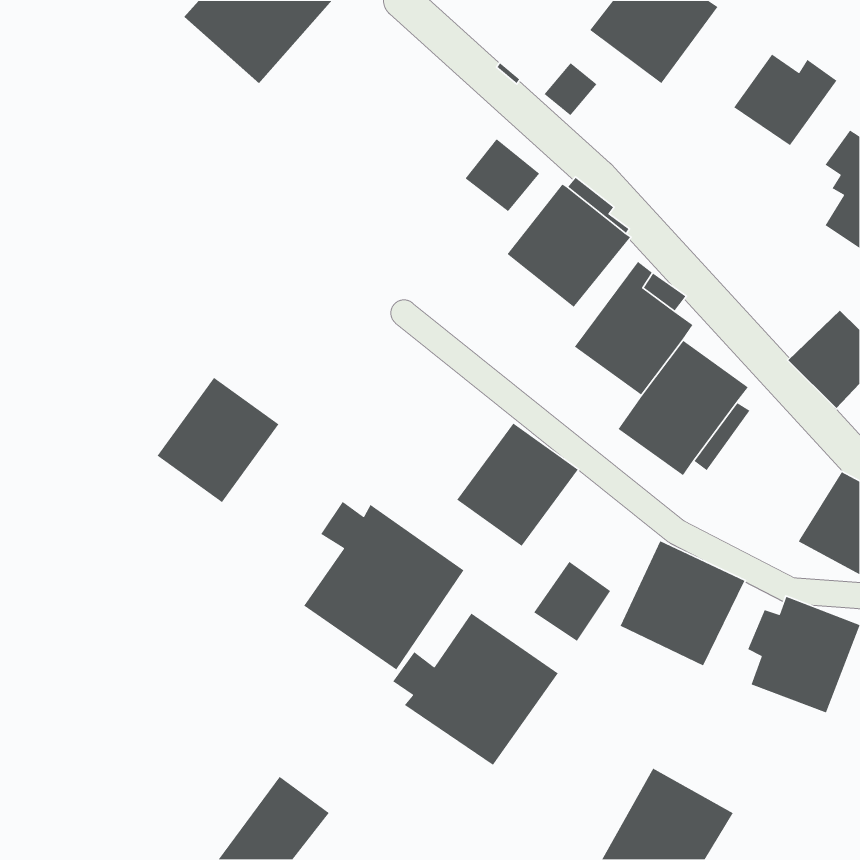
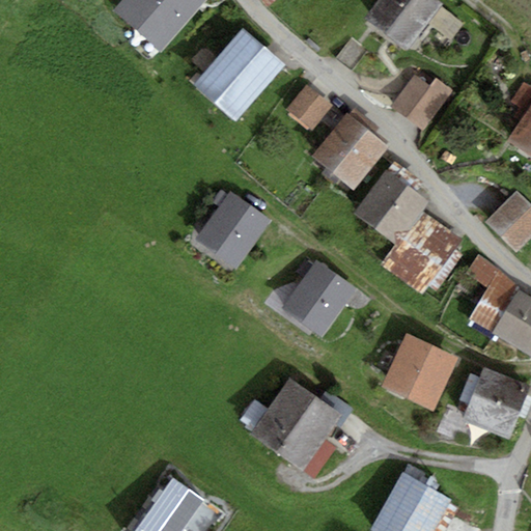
building: none -> [193,28,284,121]
building: [733,54,837,146] -> [390,75,454,132]
building: [156,377,279,503] -> [195,191,271,269]
building: none -> [466,255,520,332]
building: [303,501,464,671] -> none
building: [533,561,611,642] -> none

